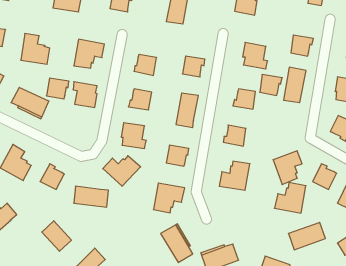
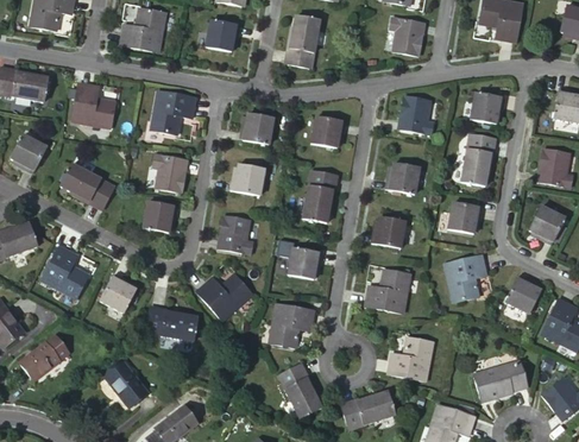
building: [260,75,282,95] -> [447,203,480,234]
building: [46,78,69,99] -> [141,202,175,233]
building: [274,183,306,213] -> [386,333,433,378]

